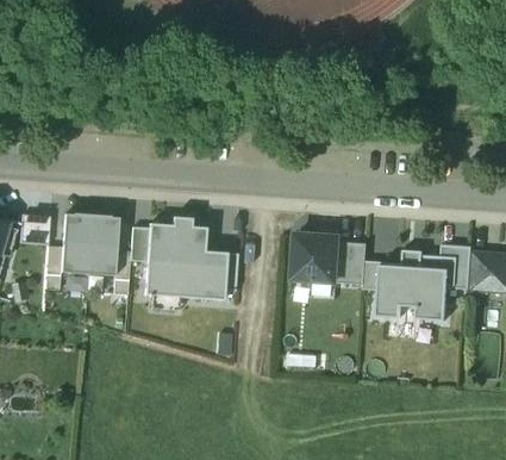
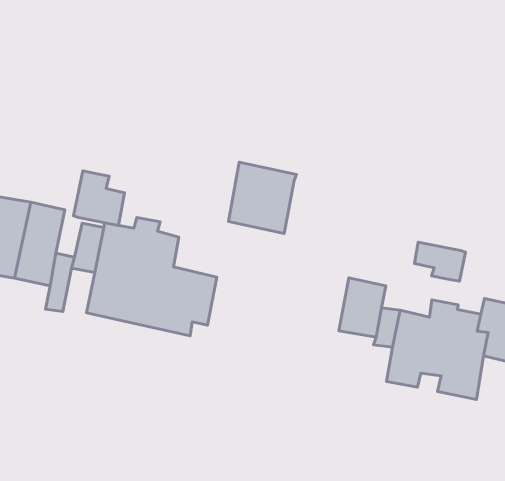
building: none -> [74,171,125,225]
building: none -> [414,242,466,281]
building: [293,232,339,281] -> [228,162,297,233]

